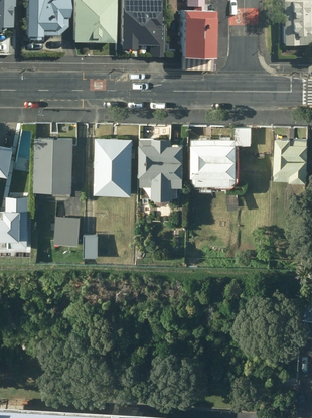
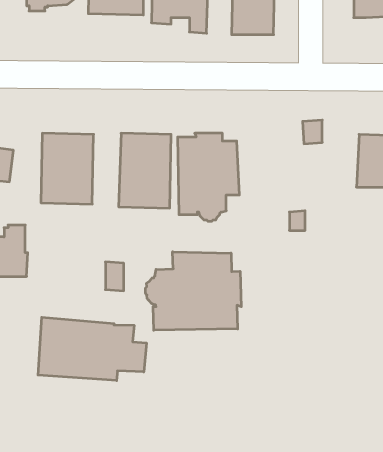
building: [192,139,238,184] -> none
building: [55,217,82,247] -> none
building: none -> [145,252,241,330]
building: none -> [38,317,146,381]

